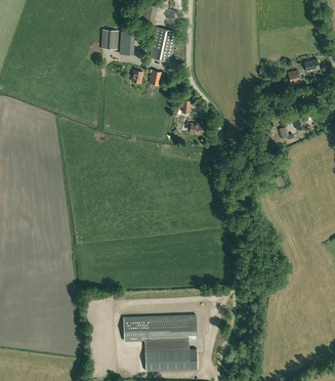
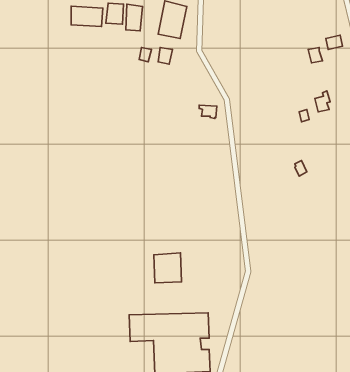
building: none -> [71,6,103,27]
building: none -> [154,253,182,283]

